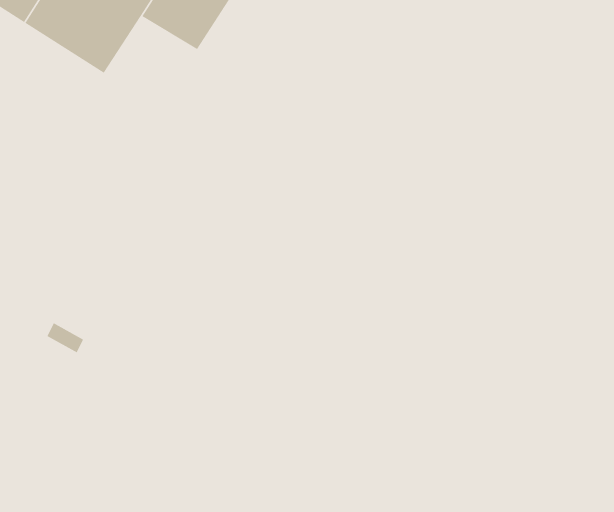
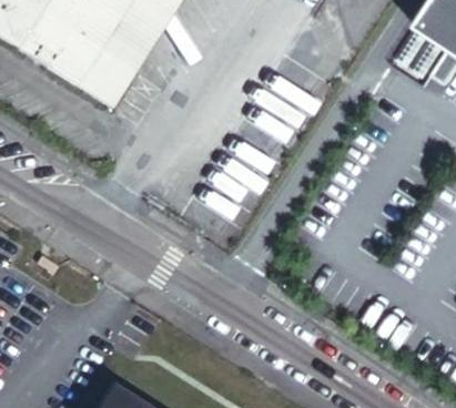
building: none -> [75,49,136,110]

